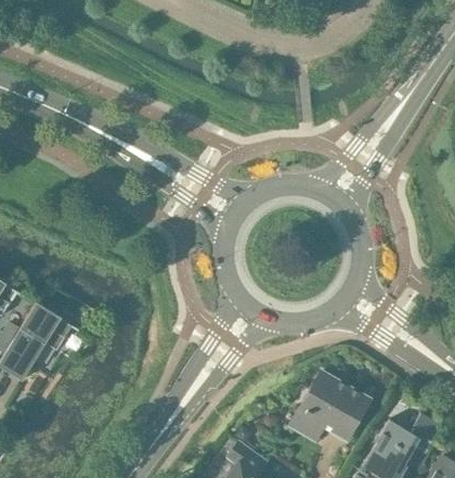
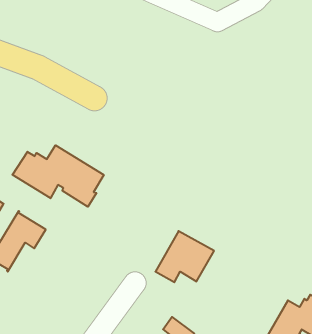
building: none -> [12,145,104,207]
building: [290,371,367,438] -> [155,231,214,282]

